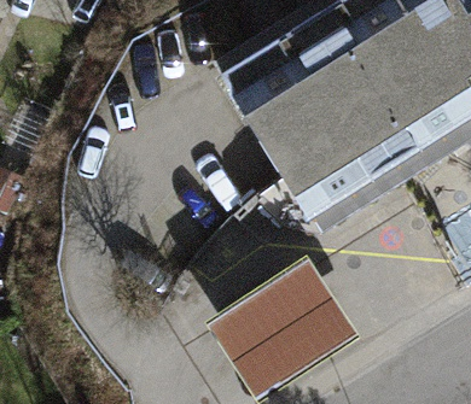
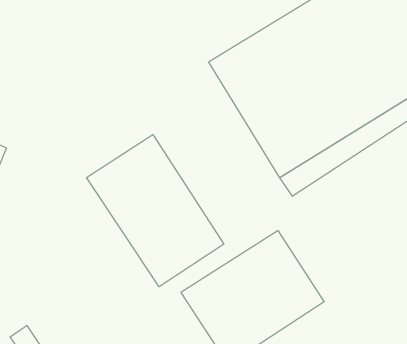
building: none -> [87,135,224,287]

